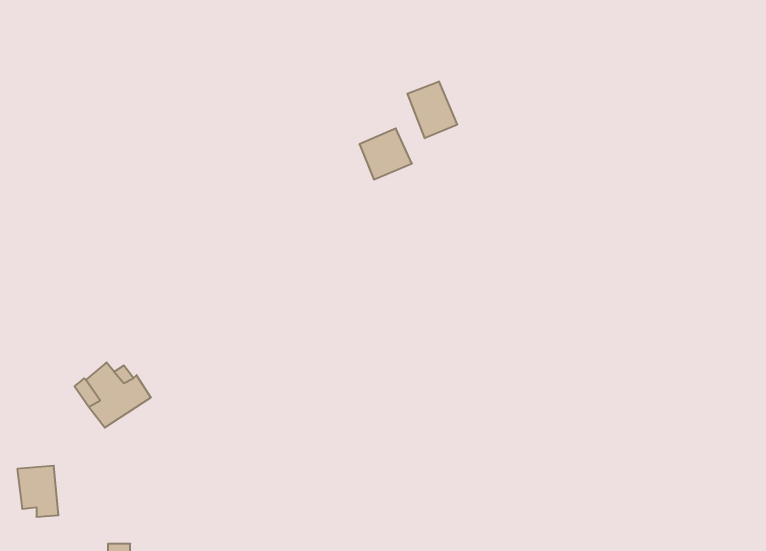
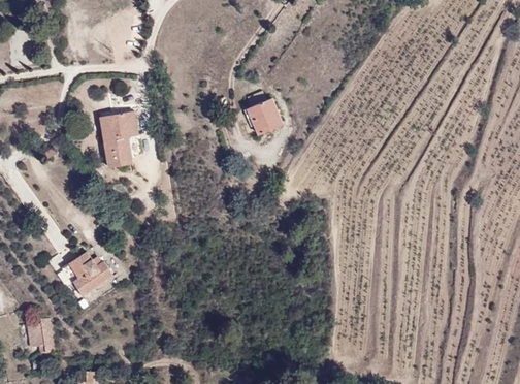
building: [407,81,457,138] -> none
building: none -> [100,113,138,166]

